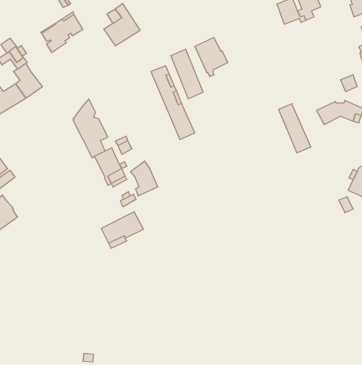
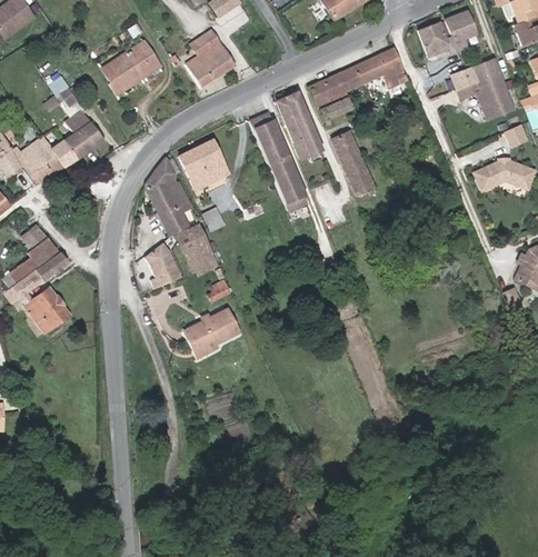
building: none -> [335,47,408,93]
building: none -> [451,59,514,120]
building: none -> [179,139,230,190]
building: [279,104,311,153] -> [332,130,376,196]
building: [131,161,158,196] -> [145,242,181,289]

